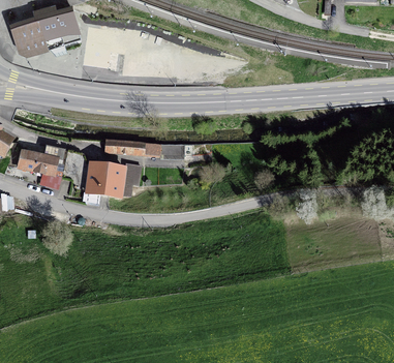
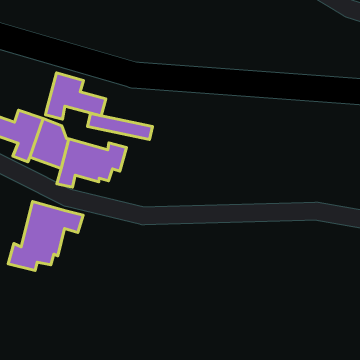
building: none -> [45,73,106,119]
building: none -> [8,202,83,271]

